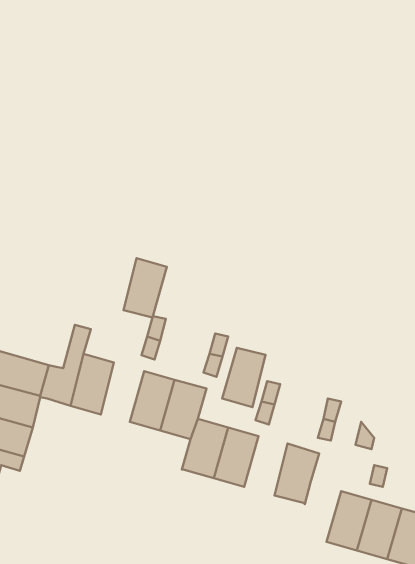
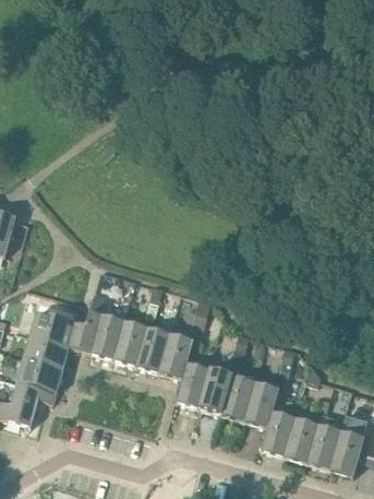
building: [124,258,167,318] -> [113,320,146,365]
building: [222,348,266,407] -> [221,376,254,420]
building: none -> [260,411,294,455]

